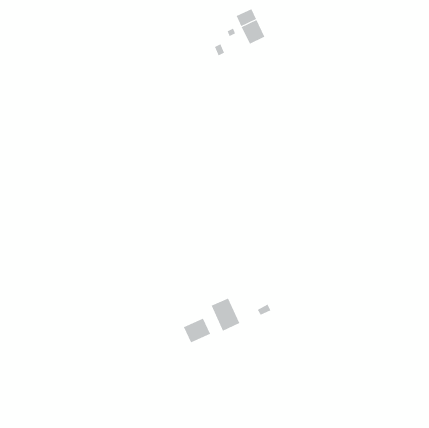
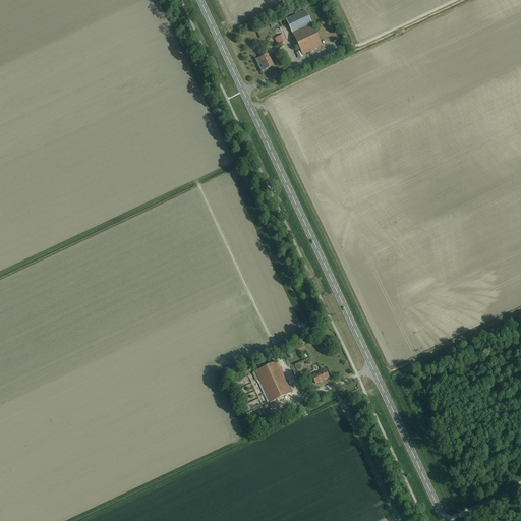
building: [183,318,211,343] -> none

